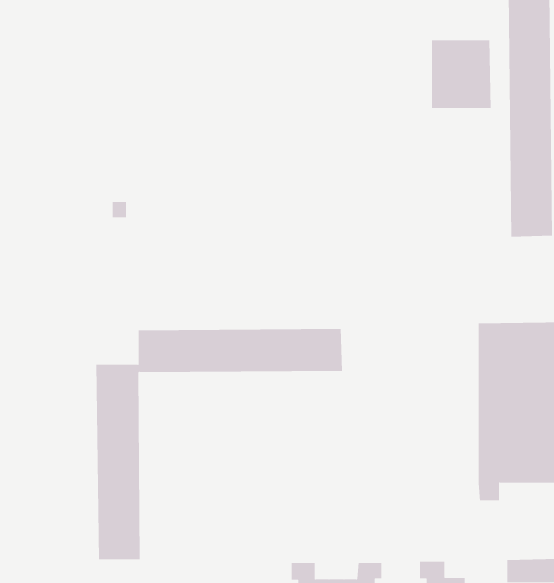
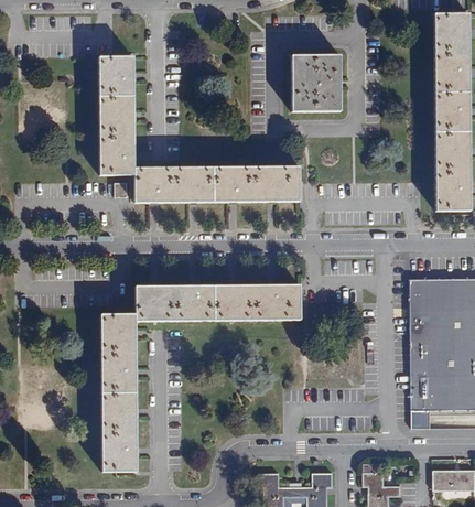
building: [431,40,491,108] -> [292,56,341,111]
building: none -> [99,57,300,203]

